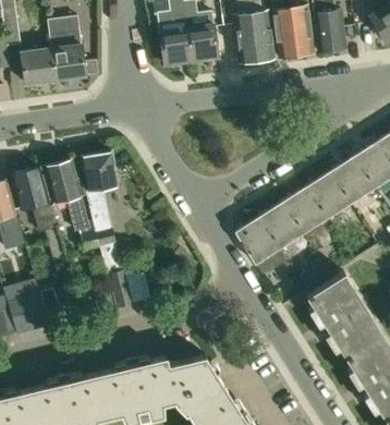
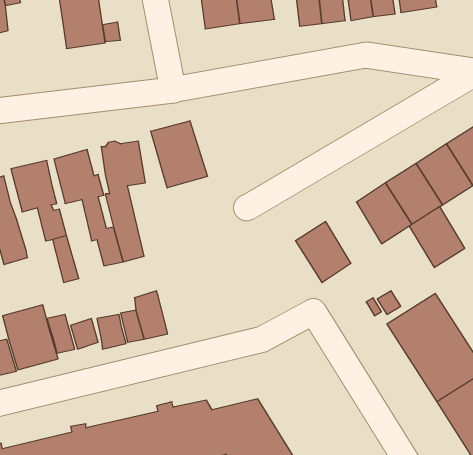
building: [20,49,54,84] -> none
building: none -> [151,121,207,188]
building: [258,201,302,248] -> [409,207,465,268]

